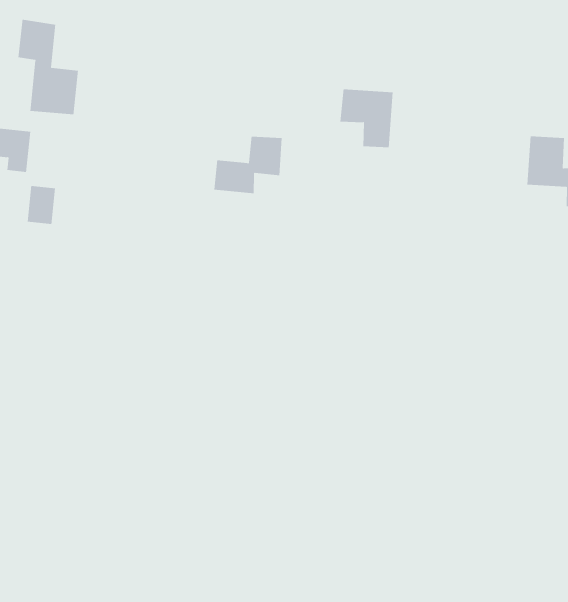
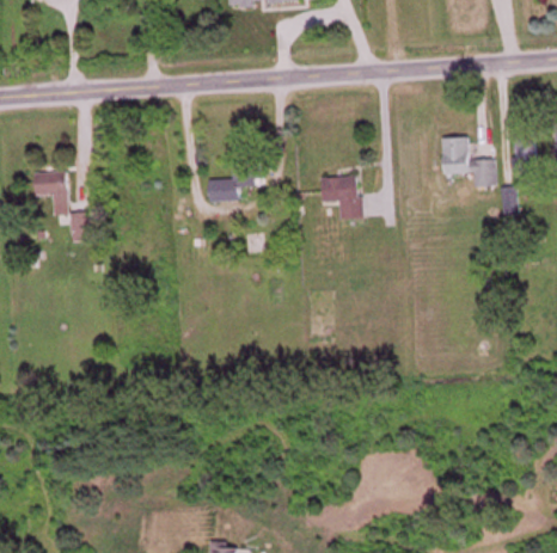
building: [18,19,78,115] -> none
building: [339,89,394,148] -> [322,176,361,219]

